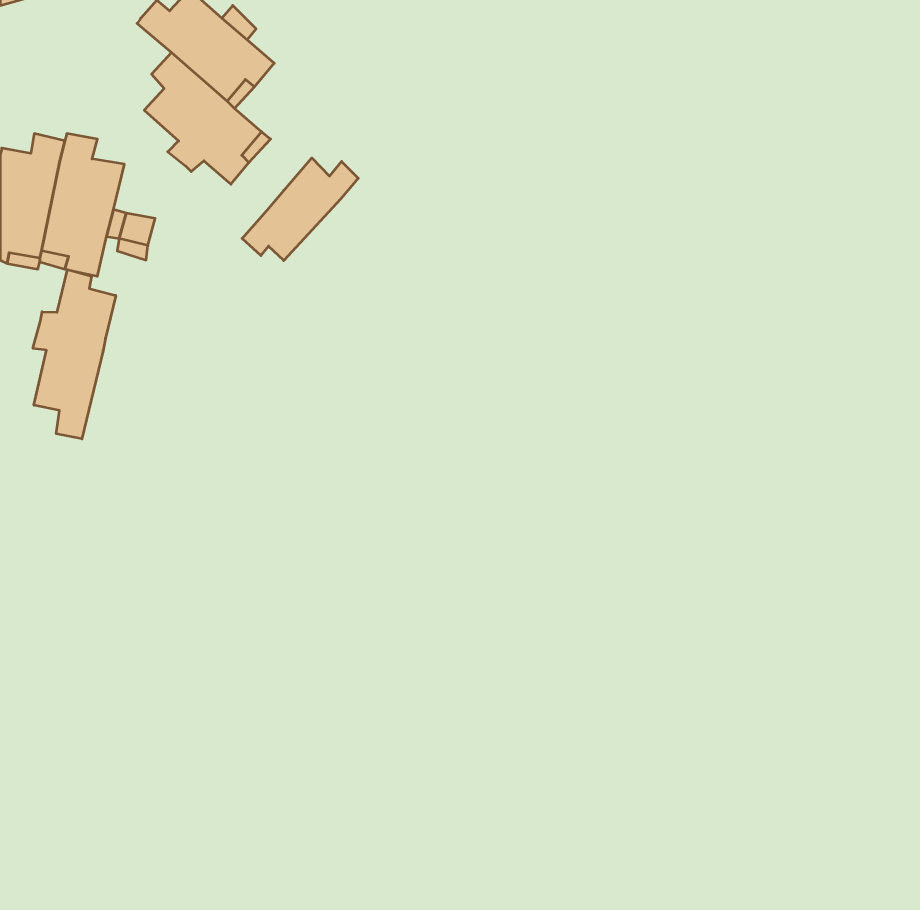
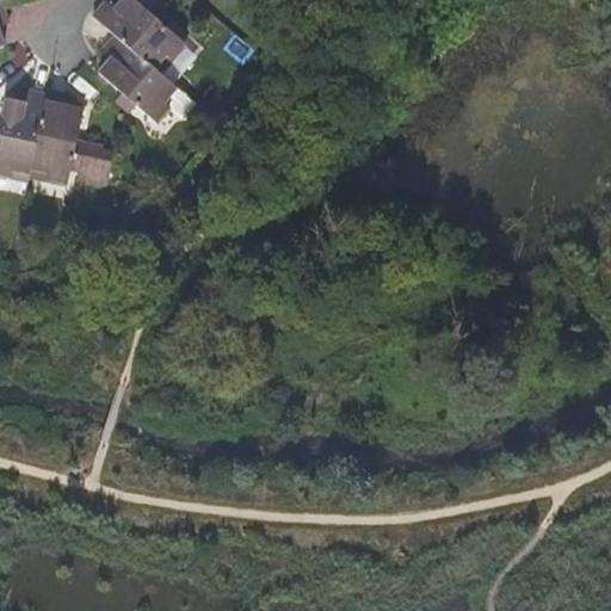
building: [242,158,358,261] -> none
building: [33,270,116,439] -> none

